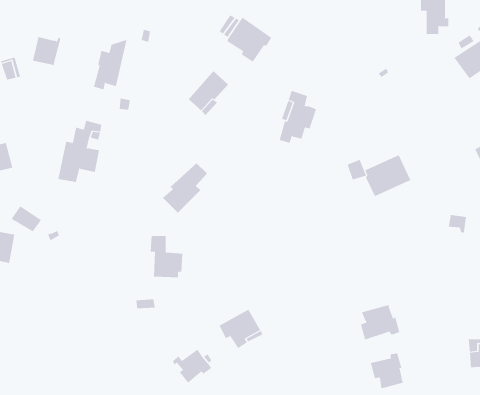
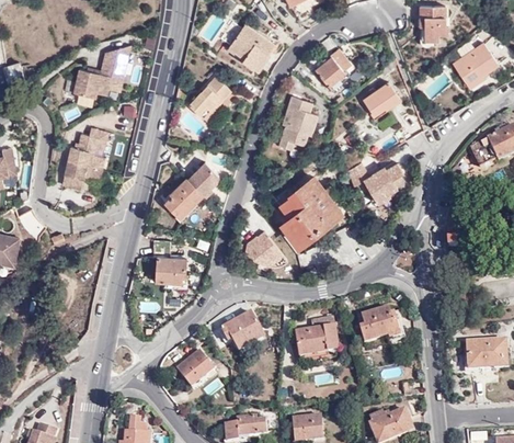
building: none -> [315,43,355,87]
building: [32,36,61,65] -> [73,70,102,99]
building: none -> [363,82,399,115]
building: none -> [276,178,339,243]
building: none -> [243,230,284,272]
building: none -> [294,317,336,357]
building: [370,353,403,389] -> none

